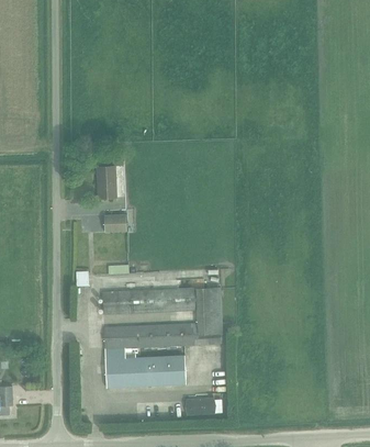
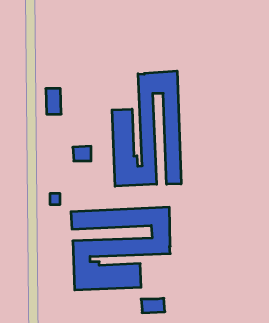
building: none -> [112,71,181,186]
building: [97,167,115,198] -> [46,89,61,114]

